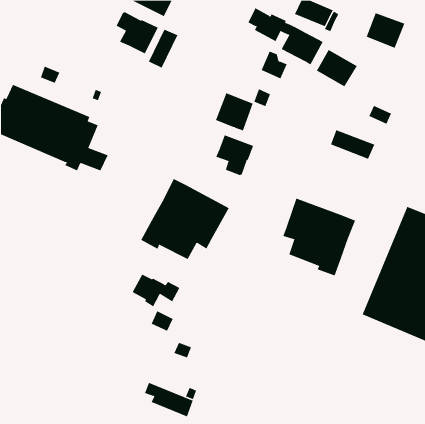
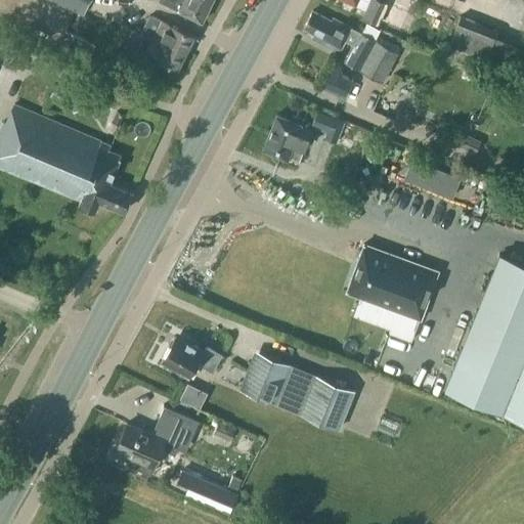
building: [148,29,178,68] -> none
building: [316,49,357,87] -> none
building: [216,134,254,176] -> none
building: [141,178,230,260] -> none
building: none -> [242,353,355,431]
building: none -> [117,407,202,476]

